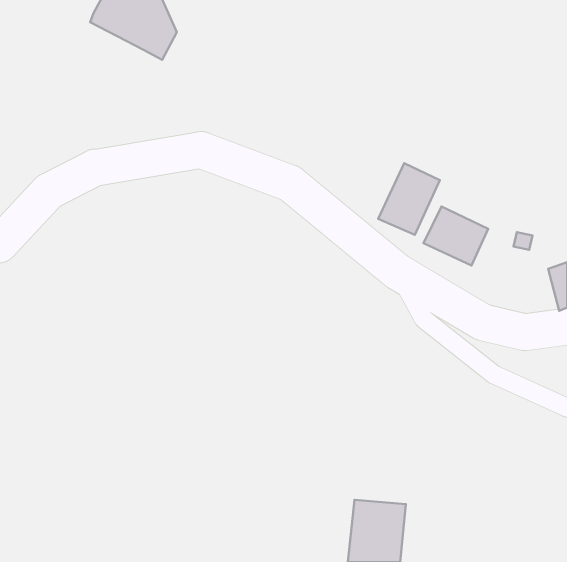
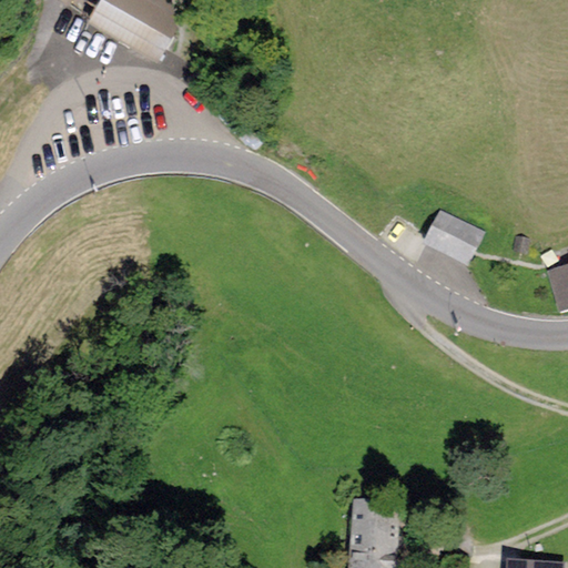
building: [378,163,440,235] -> none

